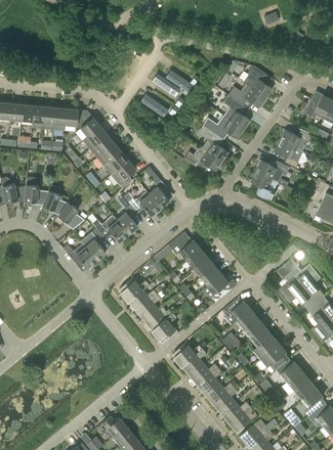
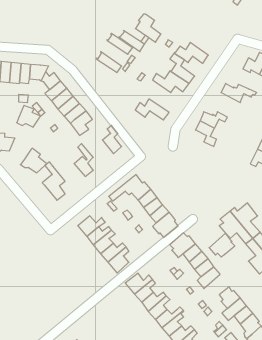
building: [243,65,272,97] -> [135,14,161,42]
building: [197,125,227,162] -> none
building: [275,139,302,167] -> none
building: [40,190,67,215] -> [17,105,40,127]
building: [123,190,159,215] -> none
building: [91,215,127,241] -> none
building: [65,242,95,267] -> none
building: [260,343,289,369] -> [209,233,235,257]

